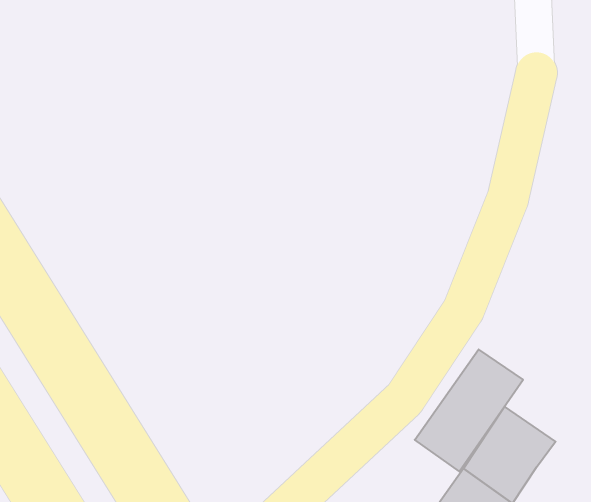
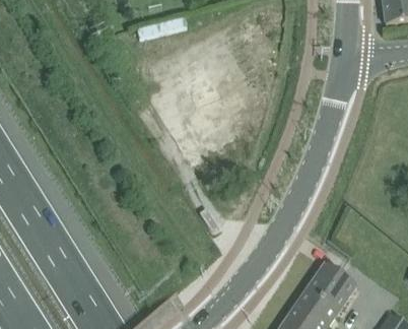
building: [415,349,523,472] -> none

